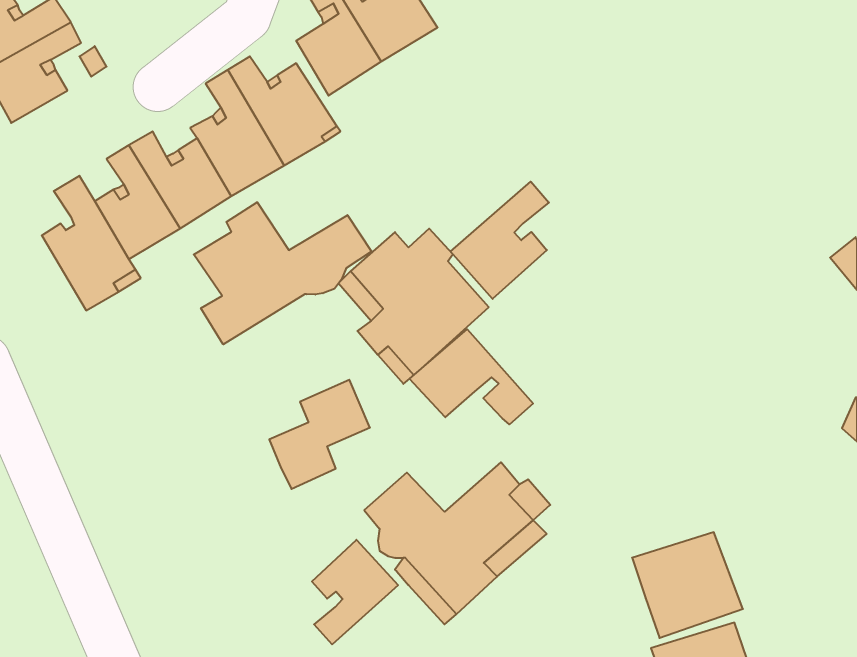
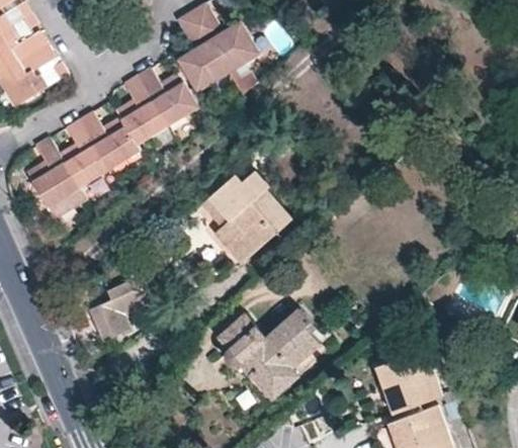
building: [450,182,549,299] -> none
building: [194,202,371,344] -> none
building: [410,329,533,424] -> none
building: [269,380,370,489] -> [88,277,148,342]
building: [312,540,398,644] -> none

